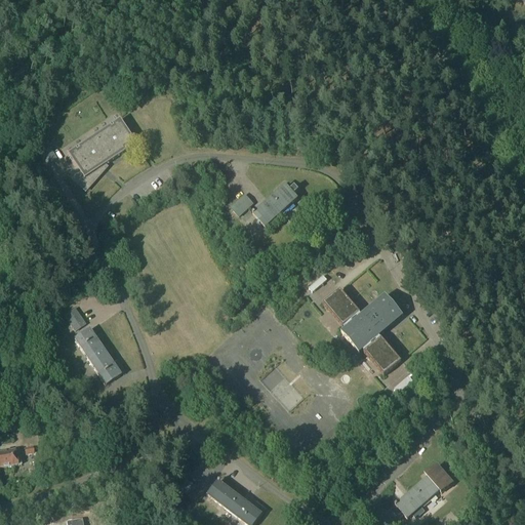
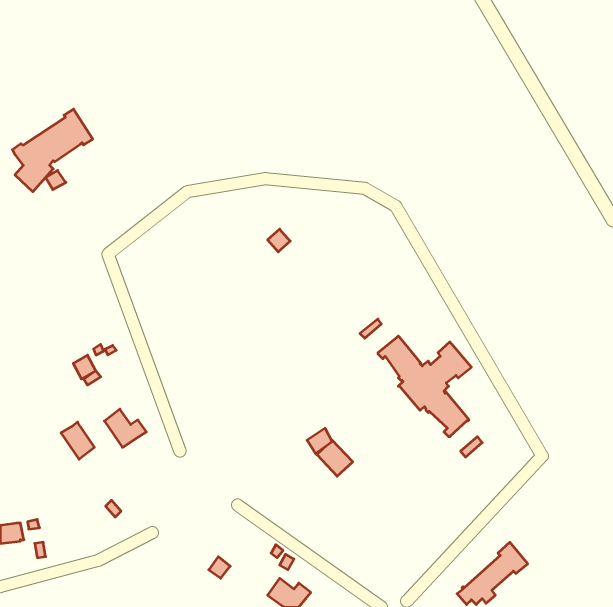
building: [67,117,135,188] -> [12,109,93,192]
building: [252,183,298,225] -> none
building: [74,328,103,360] -> [61,422,94,459]
building: [207,479,239,509] -> none

